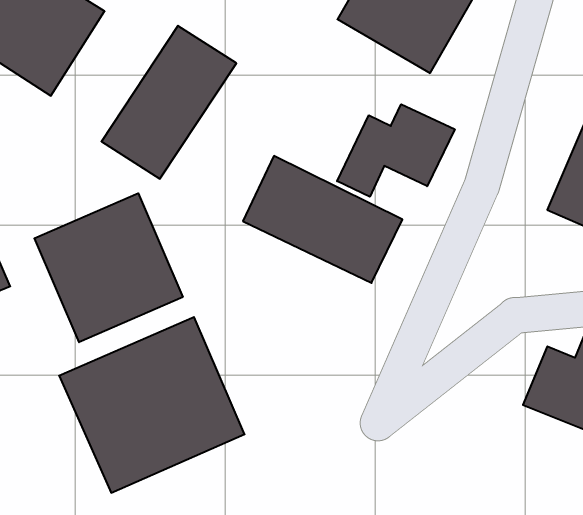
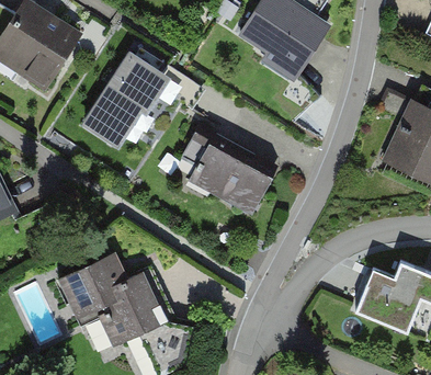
building: [337,104,455,197] -> none
building: [34,193,183,342] -> none

